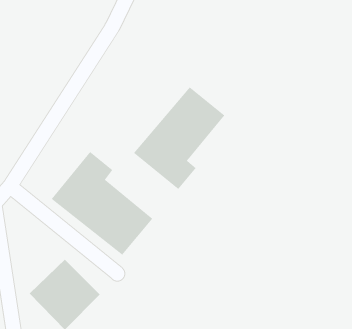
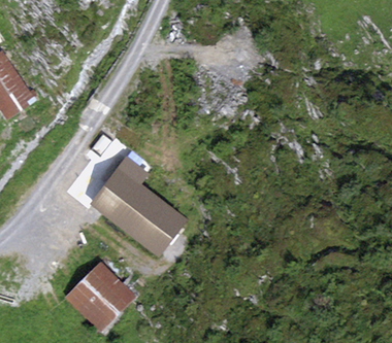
building: [133,86,225,190] -> none

